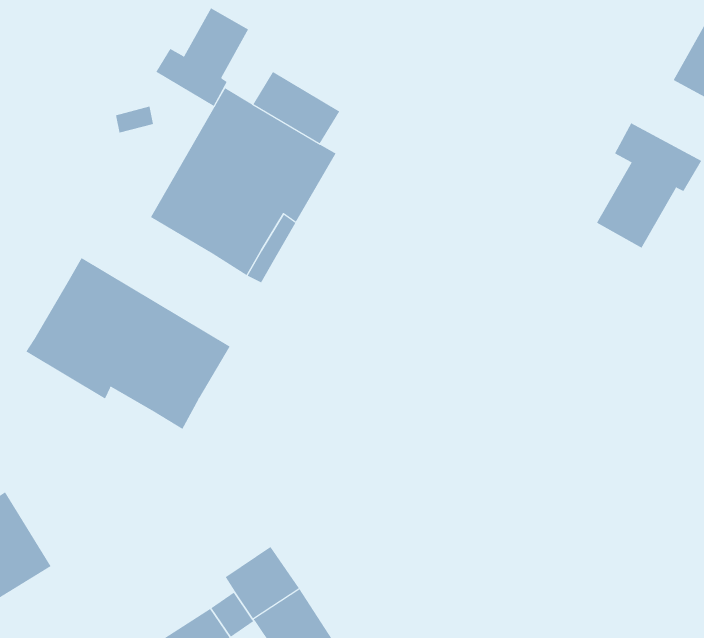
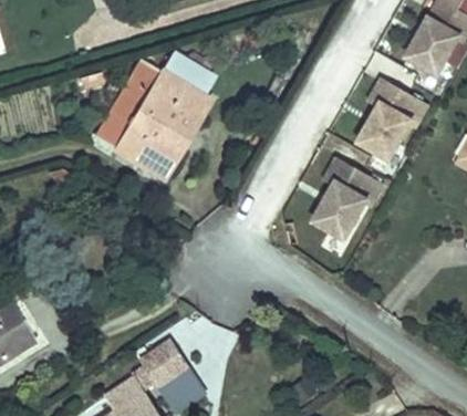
building: [156,7,249,107] -> none
building: none -> [321,157,382,235]
building: [26,257,230,430] -> none

